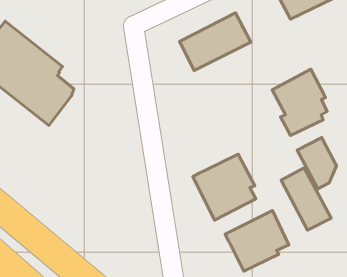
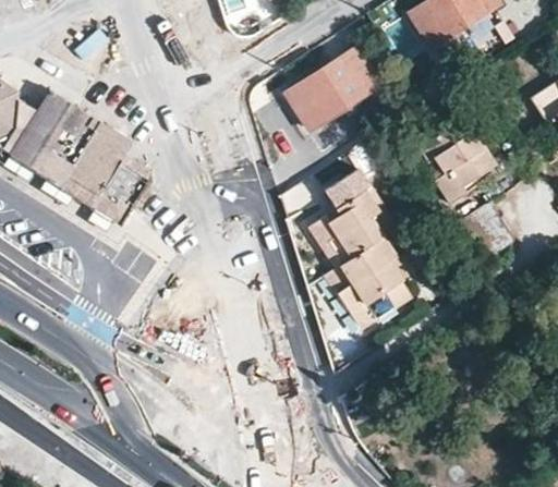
building: none -> [307,169,395,266]
building: [281,168,331,230] -> none
building: [225,210,289,271] -> none

